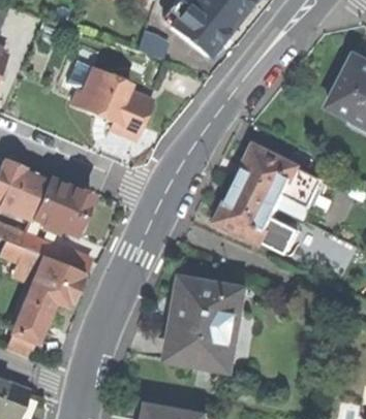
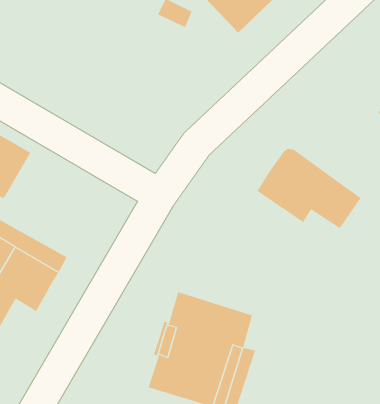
building: [70,68,151,139] -> none
building: [29,178,88,234] -> none
building: [221,185,299,254] -> none

